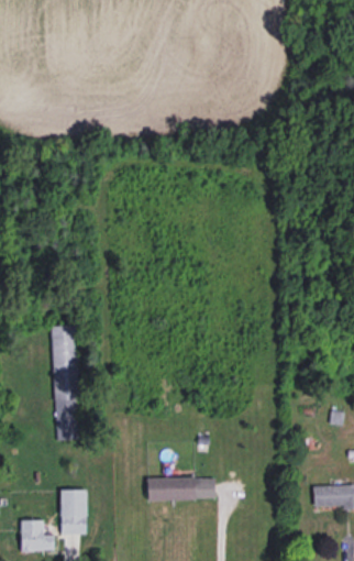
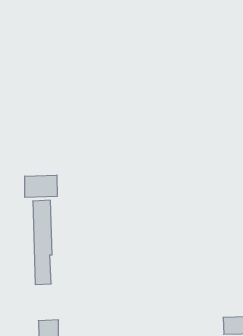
building: none -> [25,175,57,197]
building: [146,477,217,501] -> none

